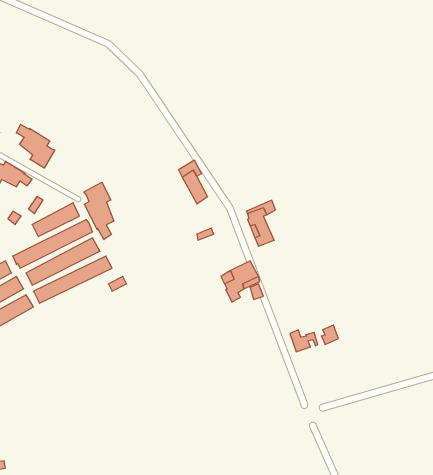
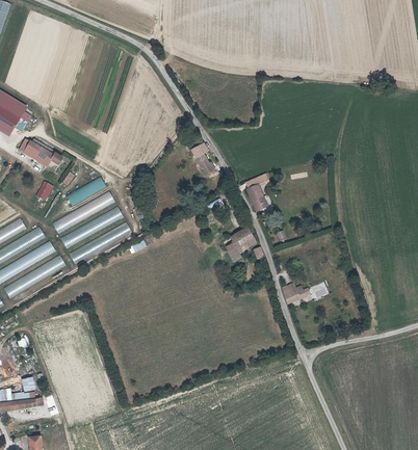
building: [16,124,55,168] -> none
building: [84,182,114,240] -> none

